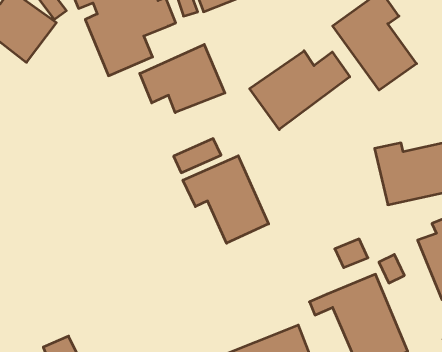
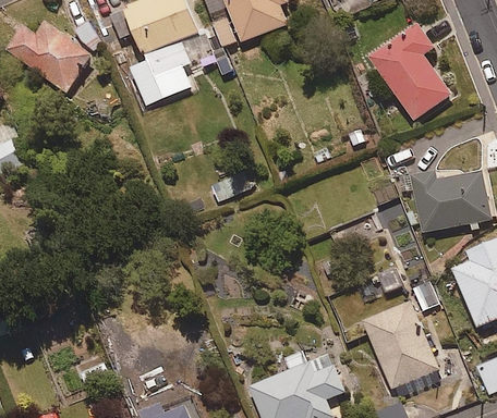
building: [140,44,225,113] -> none
building: [250,51,350,130] -> none
building: [183,156,269,243] -> none

